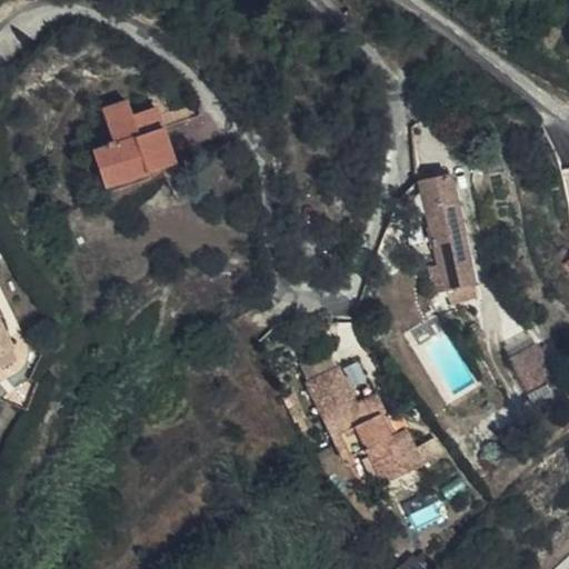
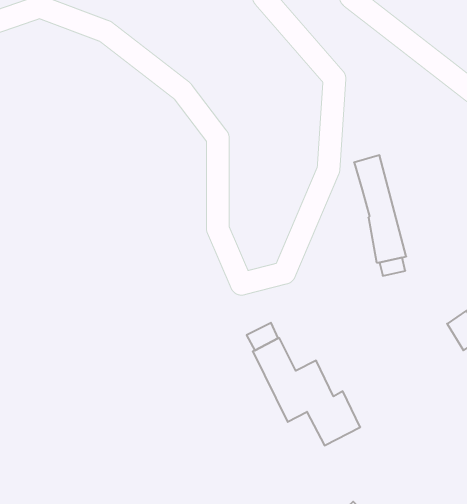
building: [93,100,177,189] -> none

